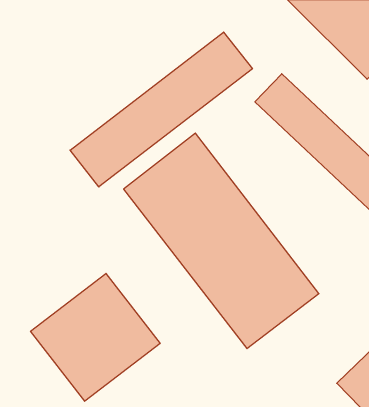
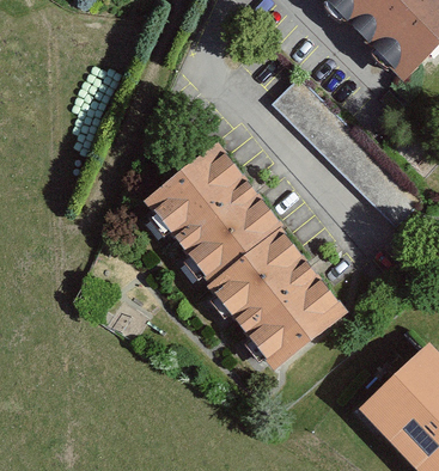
building: [70,32,252,187] -> none
building: [31,273,160,401] -> none

